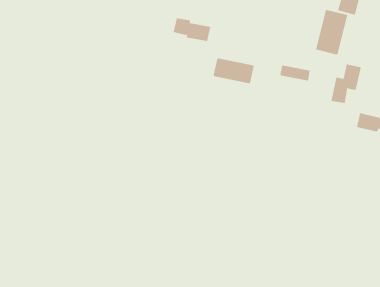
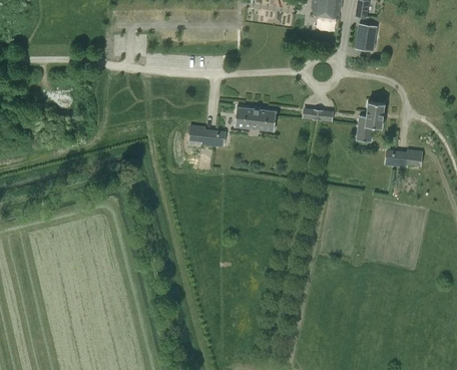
building: [315,9,348,56] -> none
building: [173,18,211,41] -> [188,125,226,146]

